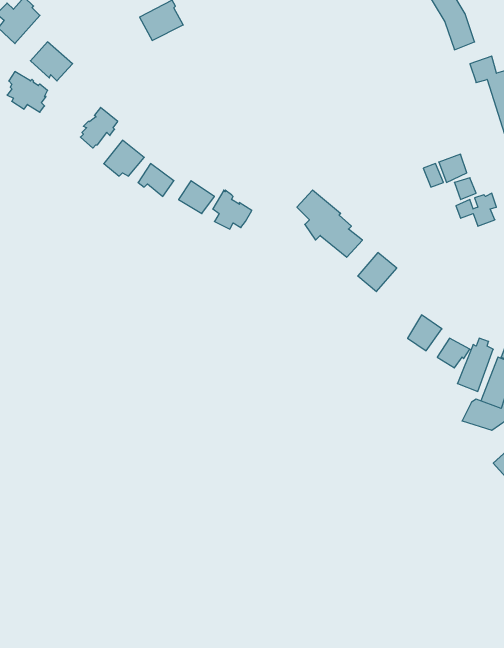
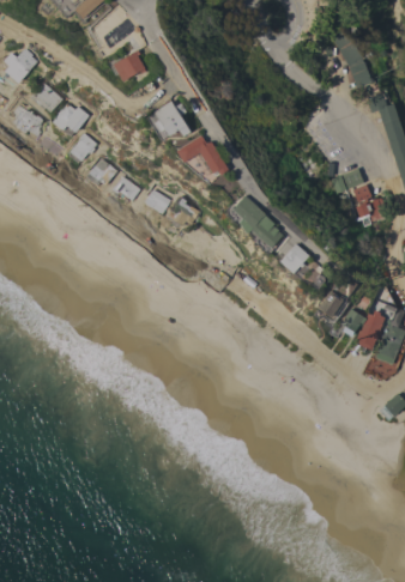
building: none -> [155,102,192,137]
building: none -> [52,104,87,133]
building: none -> [177,135,230,176]

